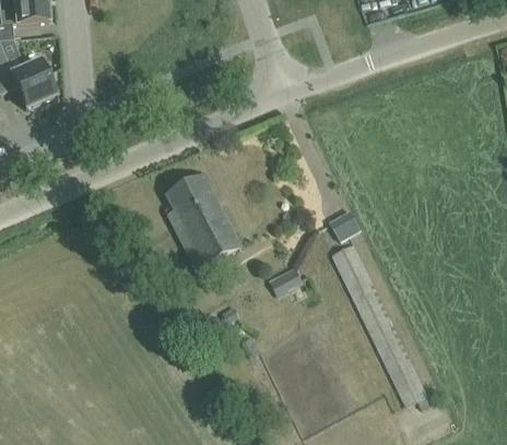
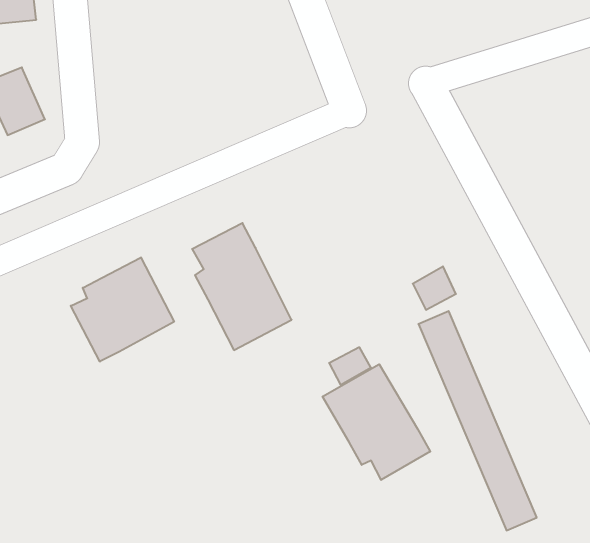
building: none -> [71,257,174,362]
building: none -> [323,364,430,480]

